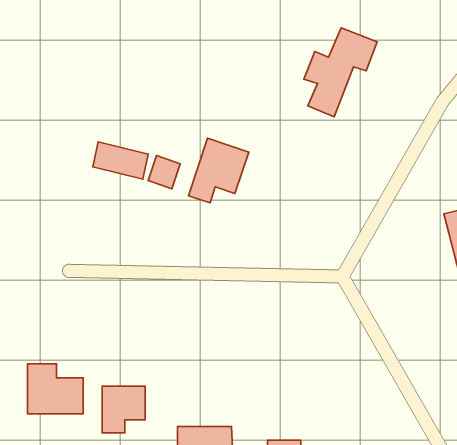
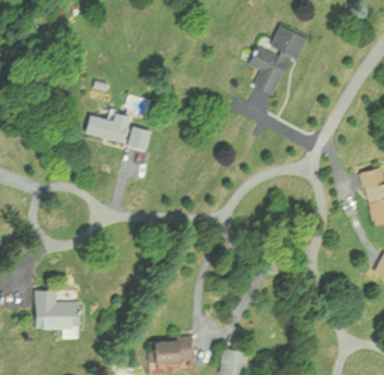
building: [188,138,249,203] -> none
building: [102,386,145,433] -> none

